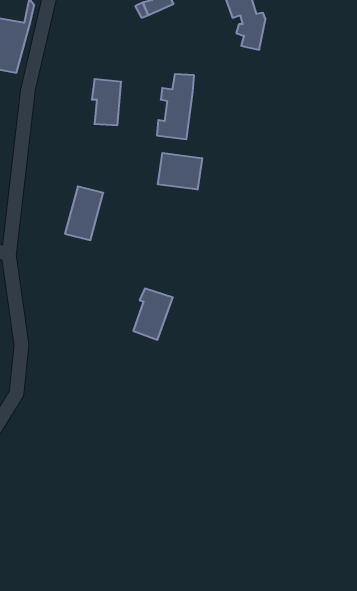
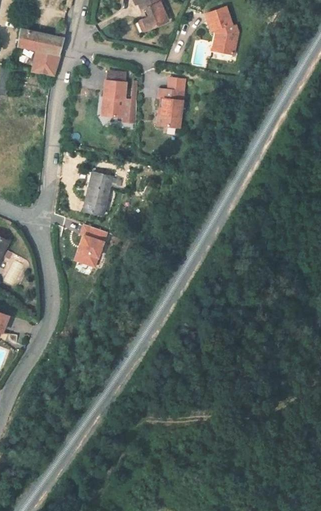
building: [158,153,202,190] -> none
building: [133,289,173,340] -> [74,222,105,262]

